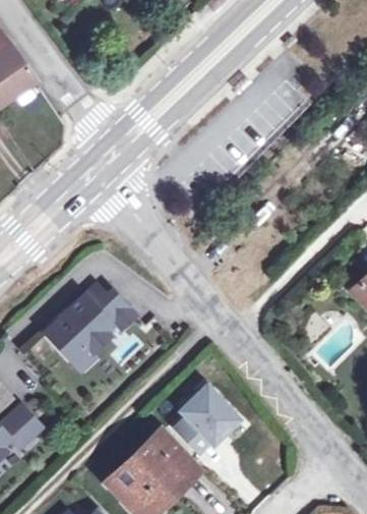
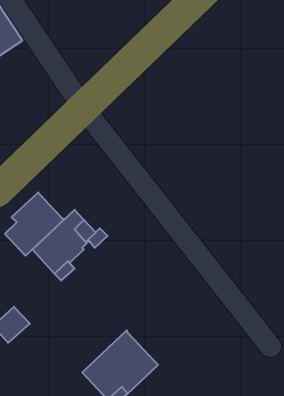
building: none -> [5,192,65,256]
building: [160,391,239,467] -> none

